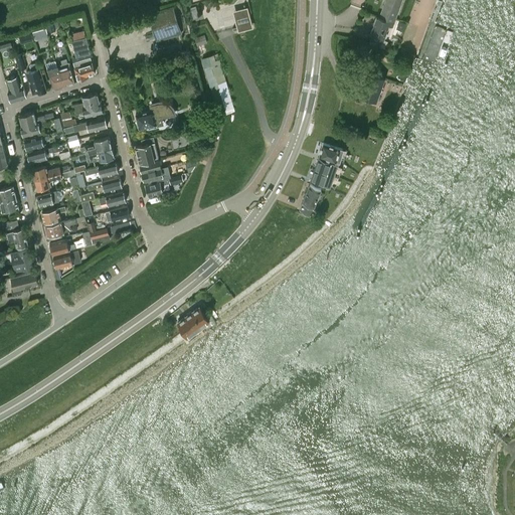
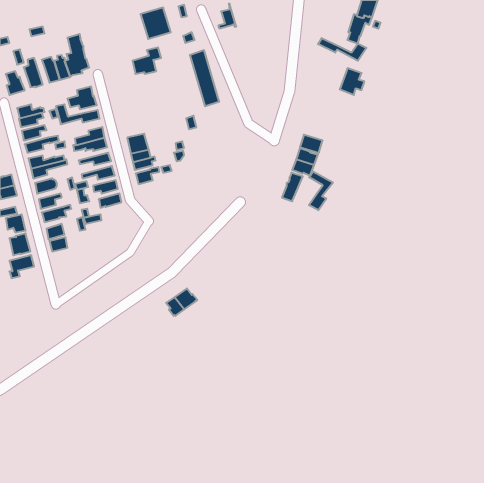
building: none -> [318,38,366,61]
building: [135,102,165,130] -> [133,47,161,74]
building: none -> [309,171,333,210]

